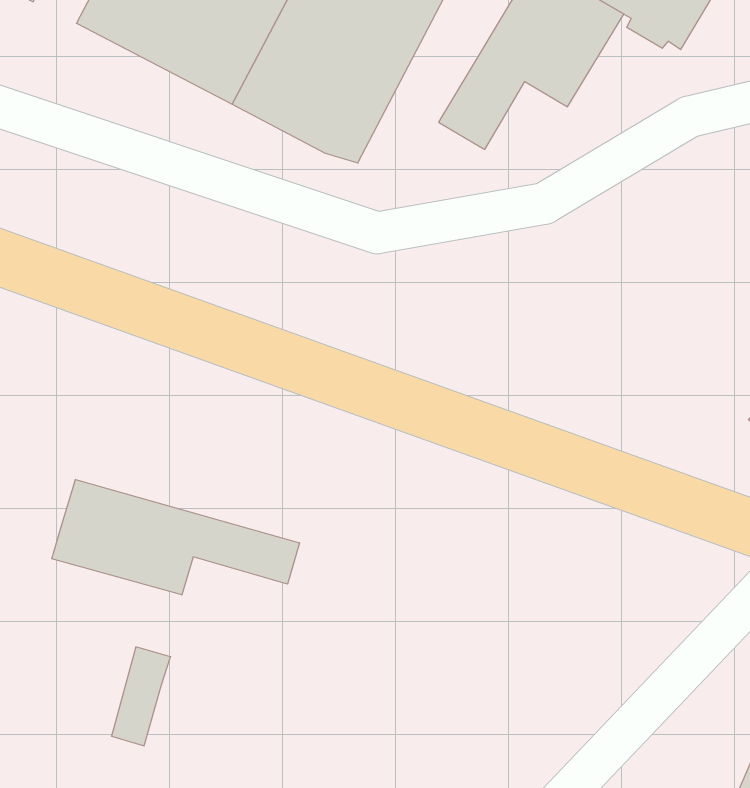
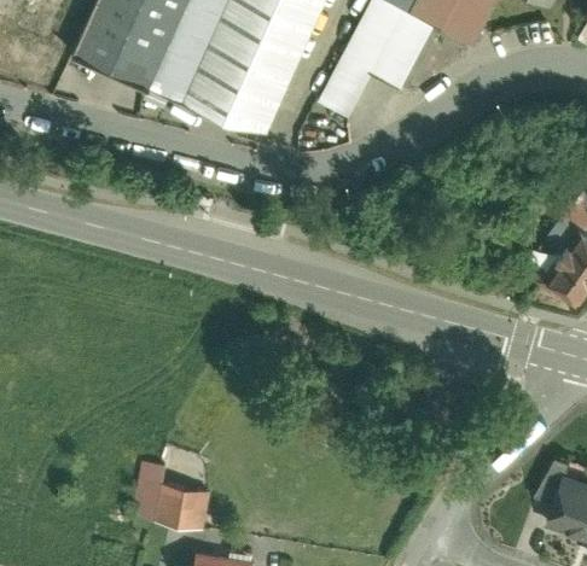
building: [52,479,300,595] -> none
building: none -> [153,480,197,529]

